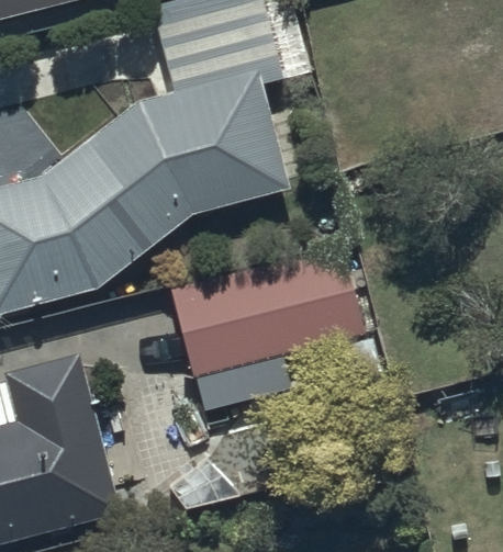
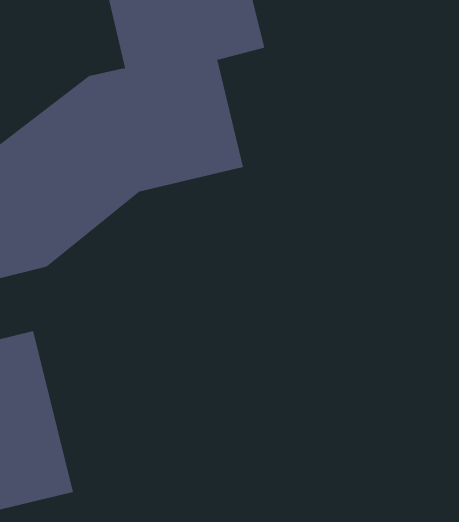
building: [168,251,361,379] -> none

